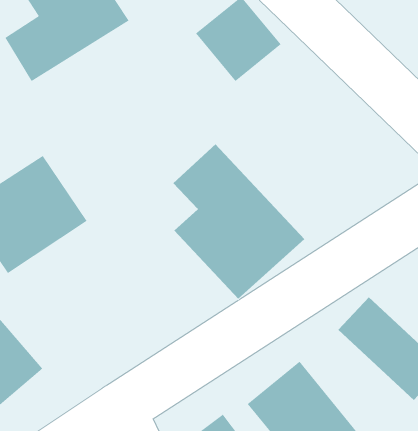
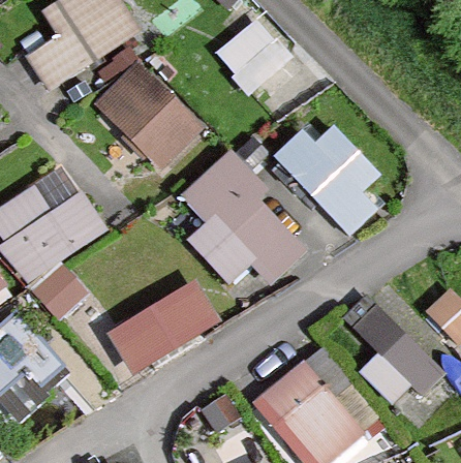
building: none -> [91,63,201,171]
building: none -> [276,126,385,239]
building: none -> [109,278,222,376]

